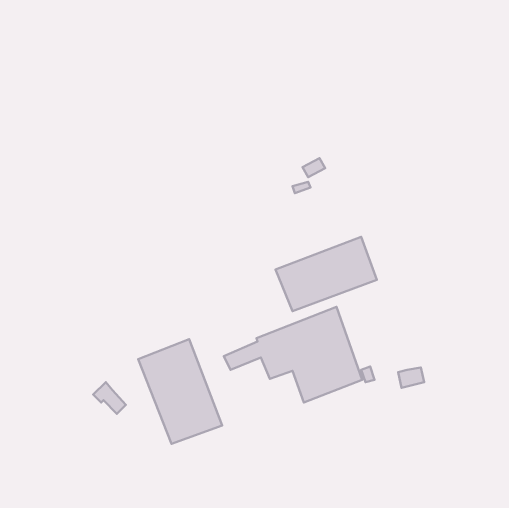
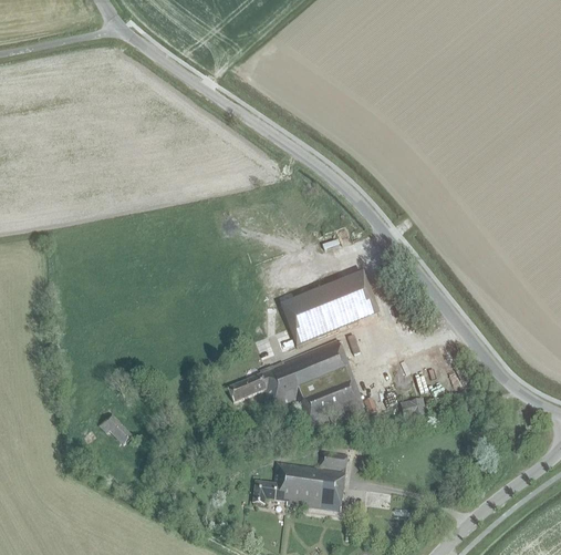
building: [138,339,222,444] -> none
building: none -> [252,451,347,511]

